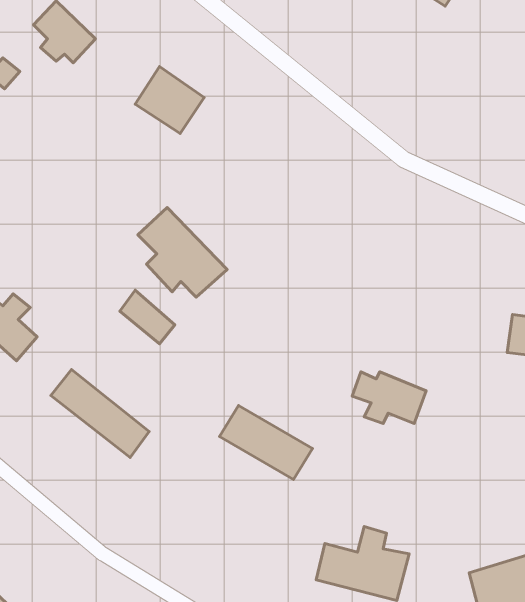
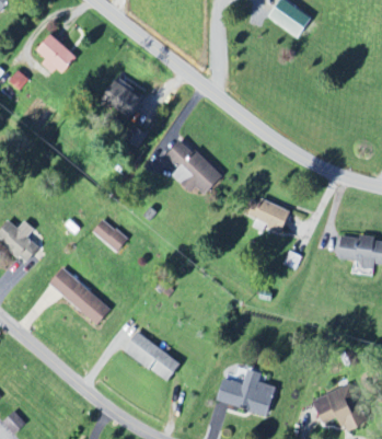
building: [138,207,227,297] -> [165,138,222,195]
building: [352,372,426,424] -> [242,198,289,231]
building: [220,405,313,480] -> [121,333,181,380]

